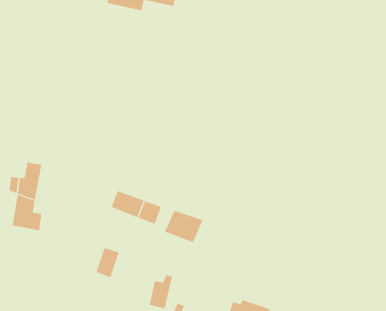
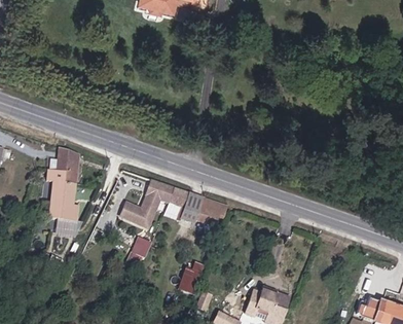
building: none -> [119,197,159,231]

